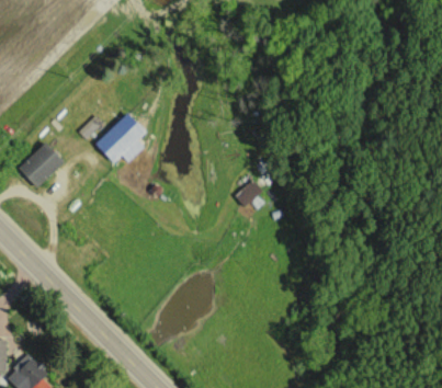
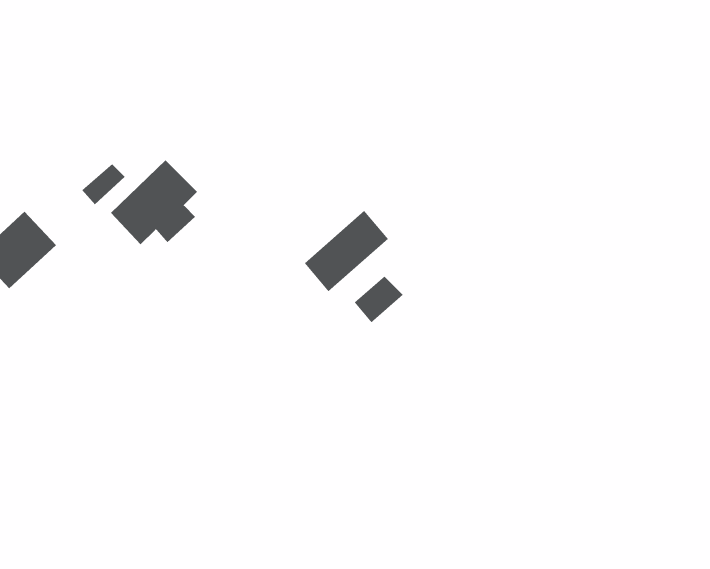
building: none -> [304,210,389,292]

